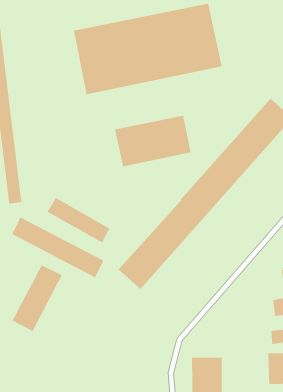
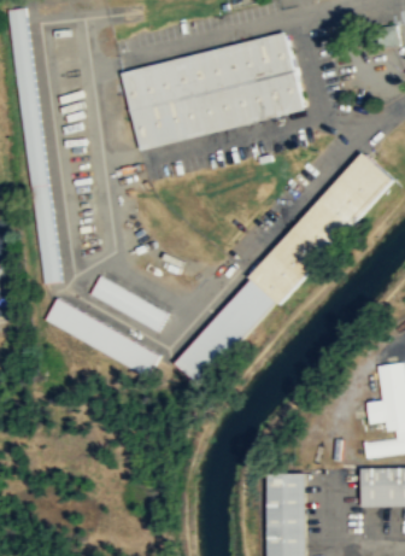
building: [114,115,191,167] -> none
building: [12,264,63,332] -> none

